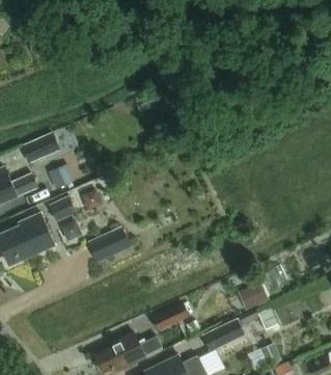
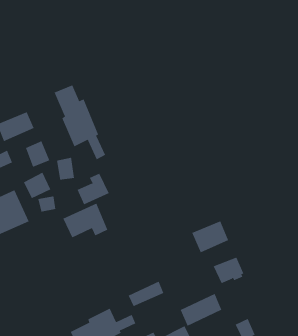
building: none -> [54,84,106,160]
building: none -> [77,173,110,205]
building: none -> [192,221,229,253]

